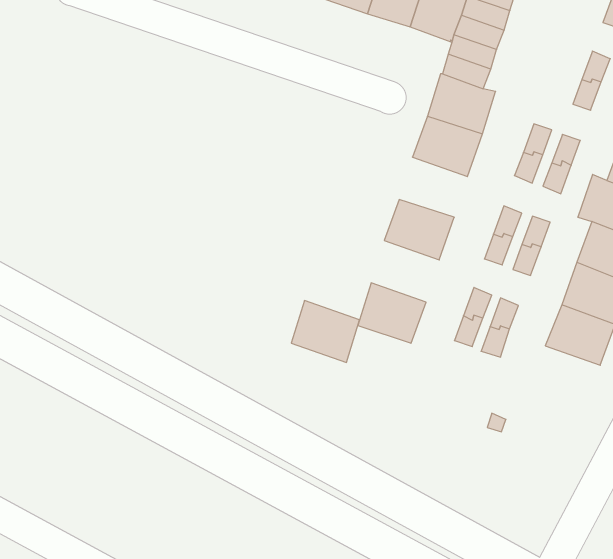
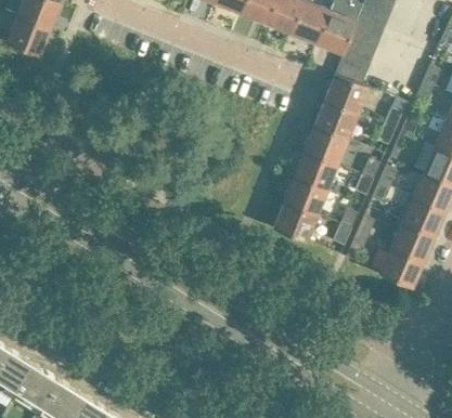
building: none -> [304,125,347,164]
building: [291,301,360,362] -> [283,175,326,215]
building: none -> [378,247,423,287]

